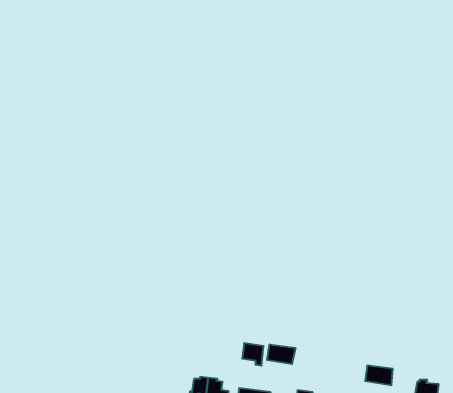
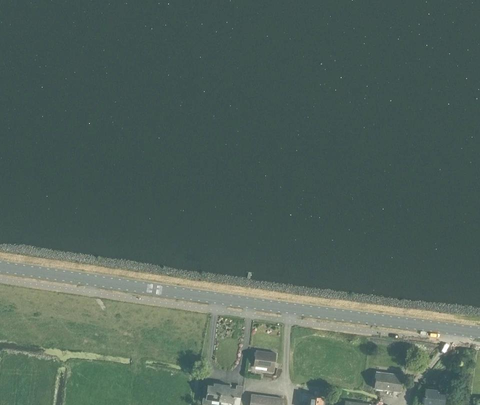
building: [267,344,296,364] -> none

